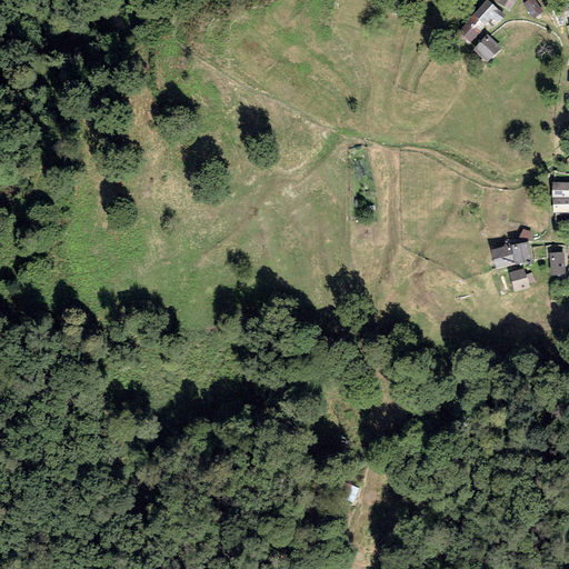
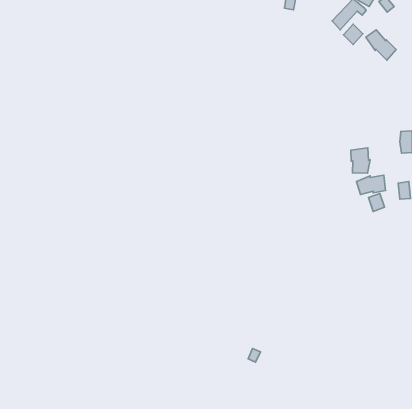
building: none -> [366,30,396,60]
building: none -> [351,148,370,173]

